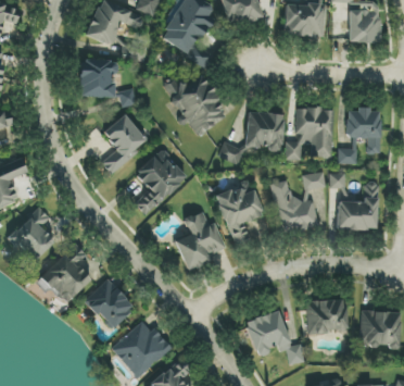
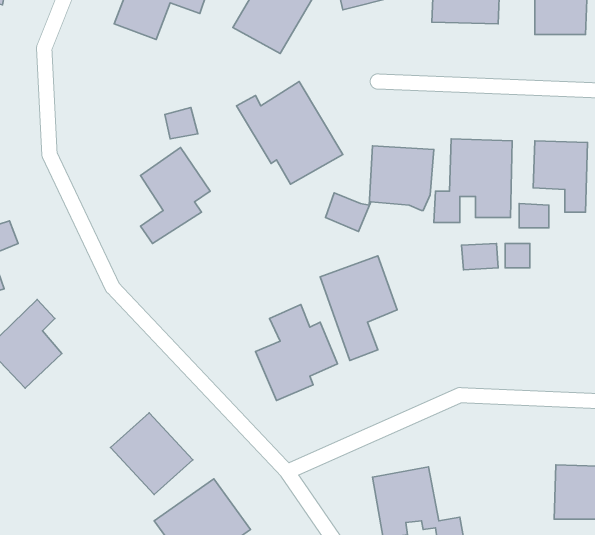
building: [80,60,116,98] -> none
building: [136,149,188,214] -> none
building: [270,180,319,235] -> none
building: [337,183,379,231] -> none
building: [36,245,92,304] -> none
building: [307,300,348,333] -> none

